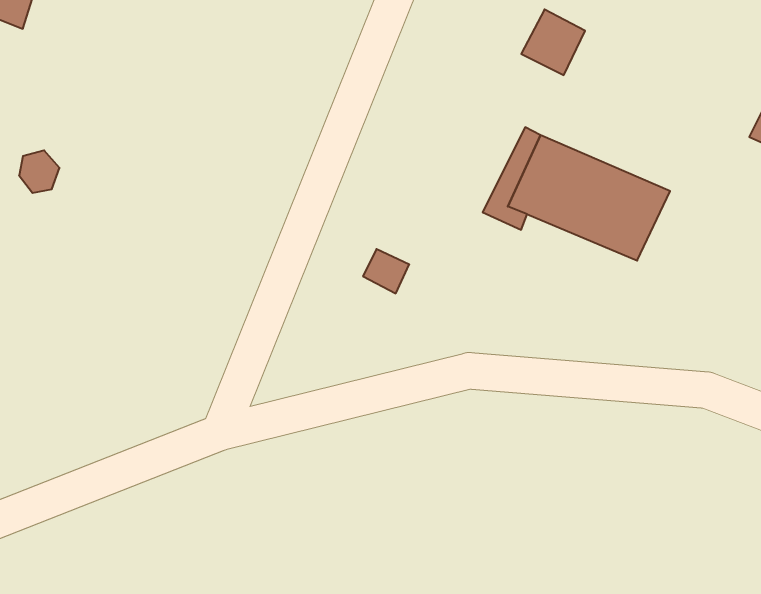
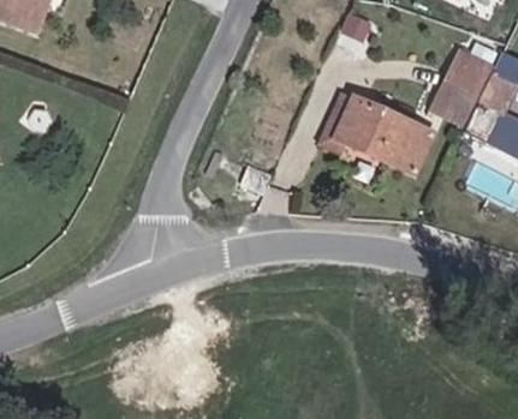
building: none -> [431,58,484,119]

